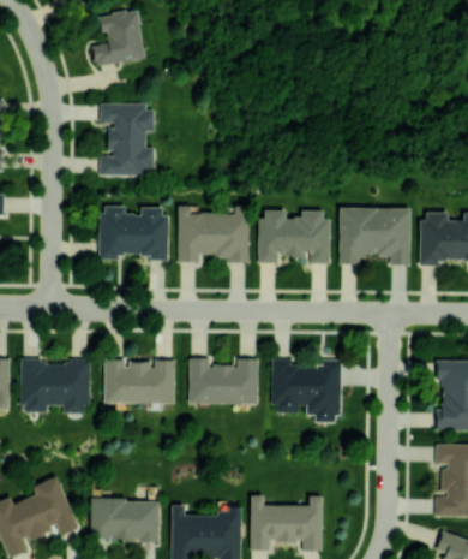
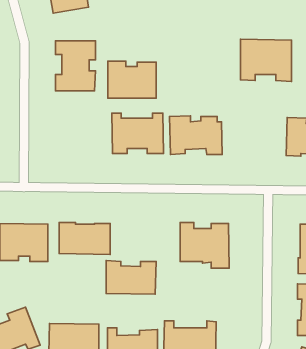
building: [100,206,167,257] -> [108,61,156,98]
building: [340,207,410,266] -> [240,39,291,81]
building: [190,357,259,404] -> [106,261,156,294]

